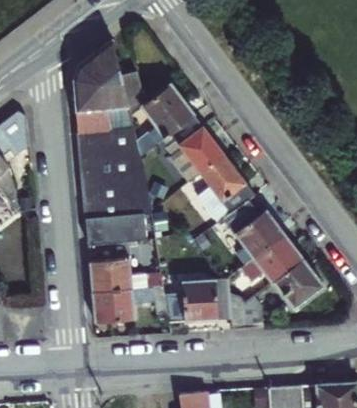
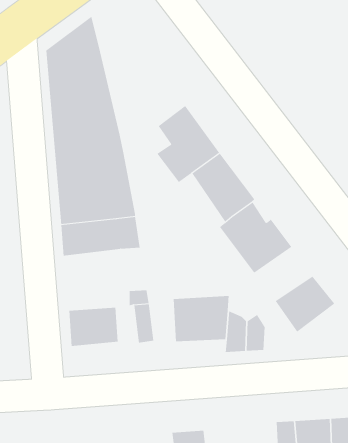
building: [120,67,193,157] -> none
building: [240,238,303,285] -> none
building: [87,241,133,293] -> none

